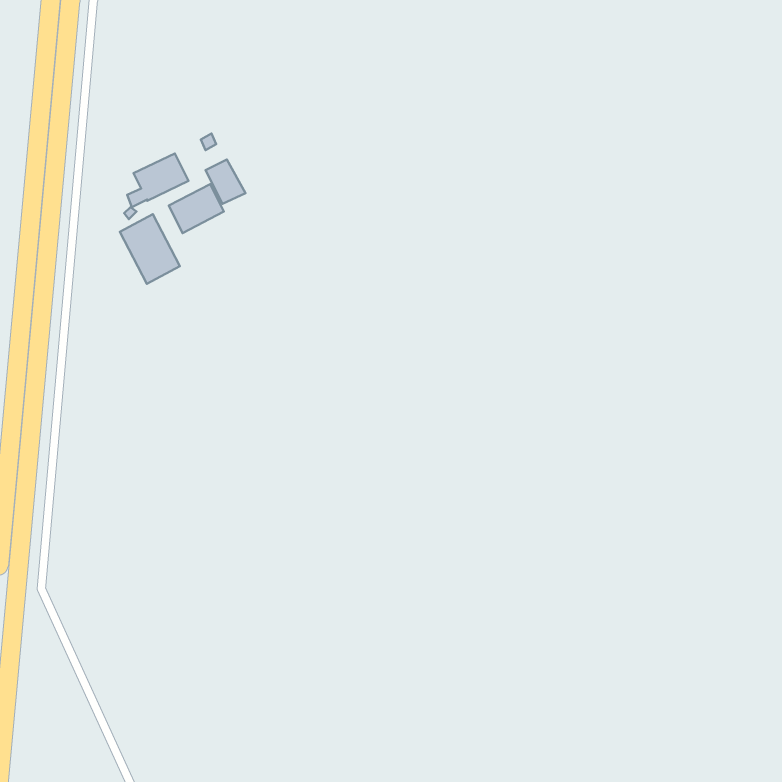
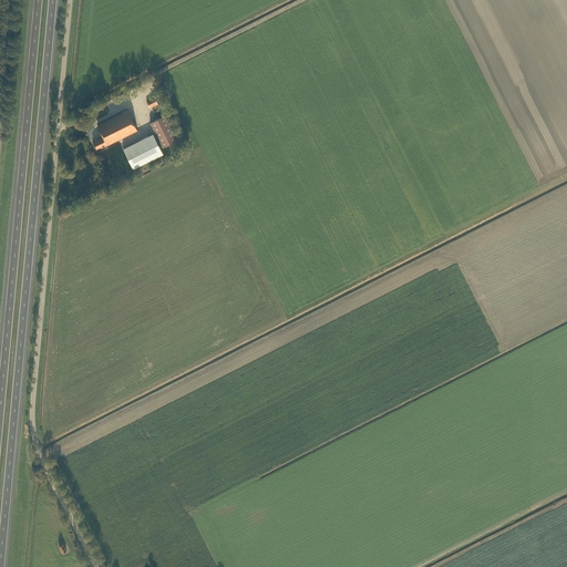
building: [120,214,180,284] -> none

